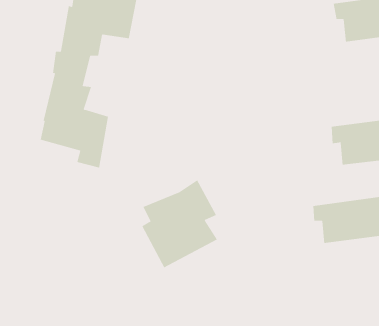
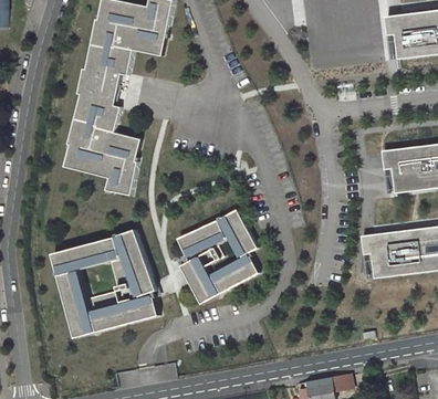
building: none -> [51,230,157,337]

